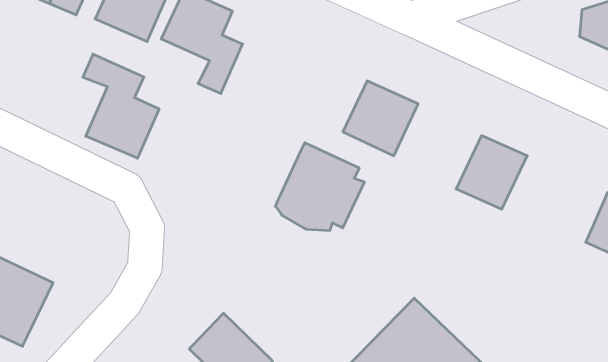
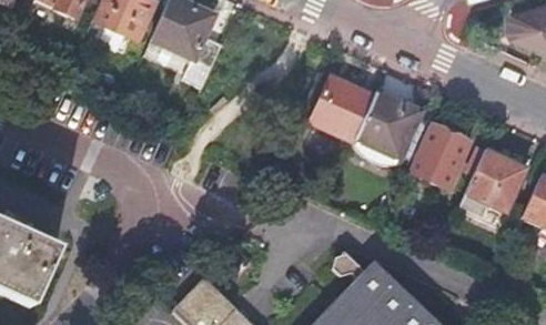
building: [83,54,159,158] -> none
building: [275,143,364,230] -> [352,90,429,166]
building: none -> [464,150,526,213]

